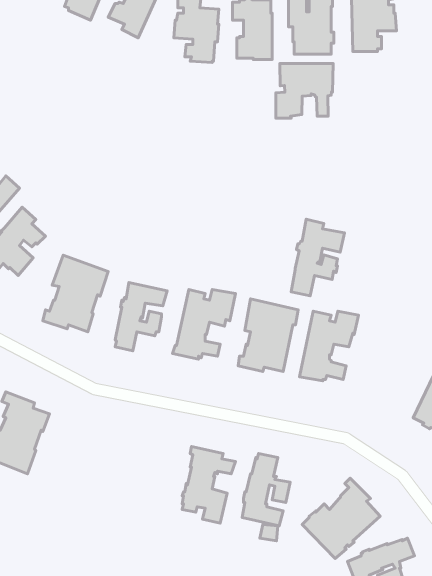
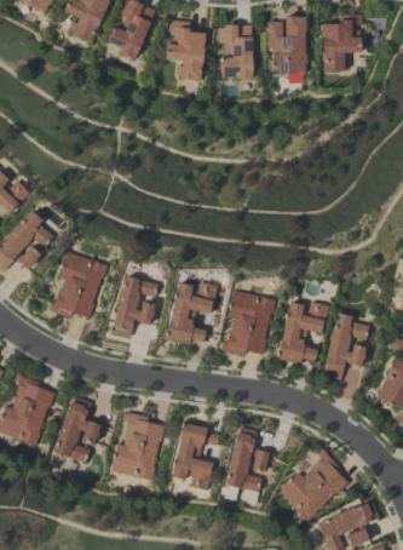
building: [276,64,333,118] -> none
building: [291,219,344,296] -> [324,313,372,380]
building: none -> [54,396,102,463]
building: none -> [111,412,167,481]

